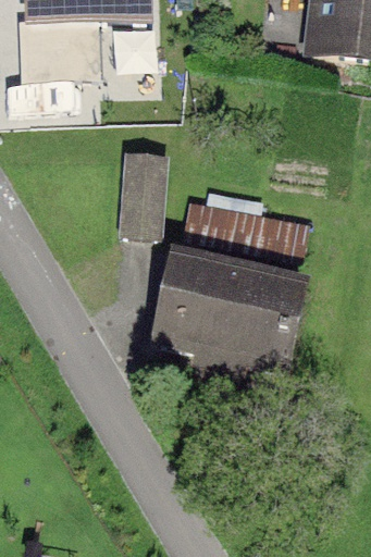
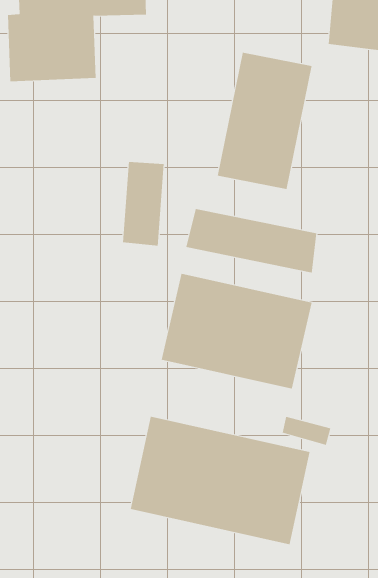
building: none -> [217,52,312,190]
building: none -> [130,416,310,545]

